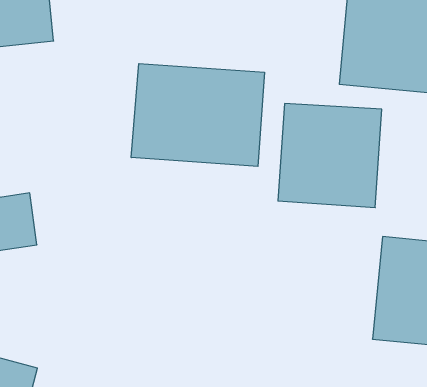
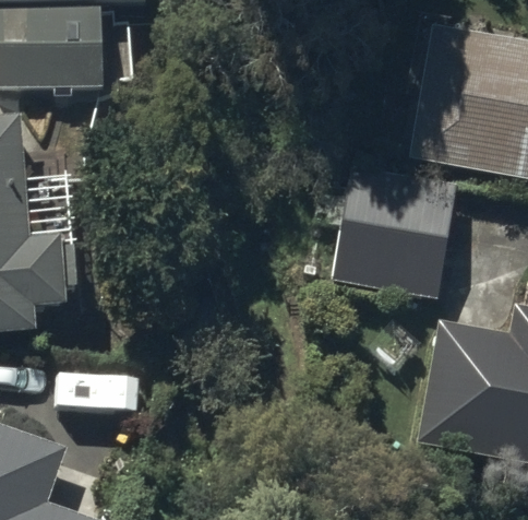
building: [131,64,264,166] -> none

